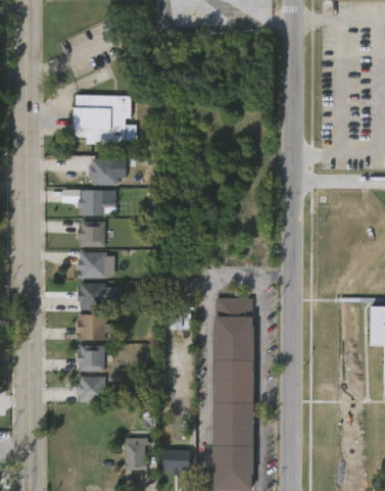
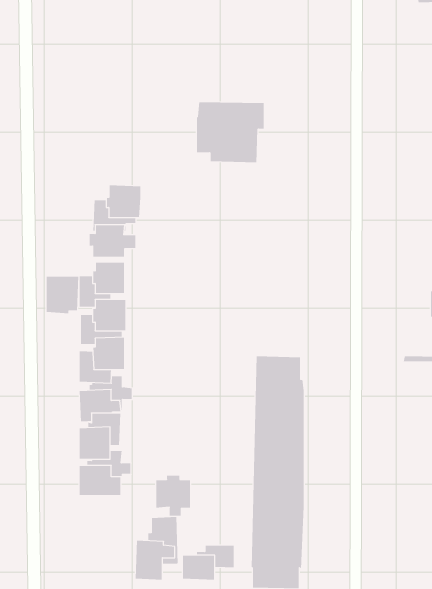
building: [75,94,131,144] -> [196,102,265,163]
building: none -> [46,276,79,314]
building: none -> [156,475,191,517]

